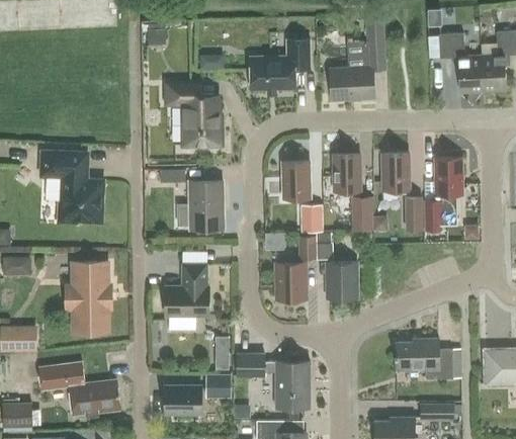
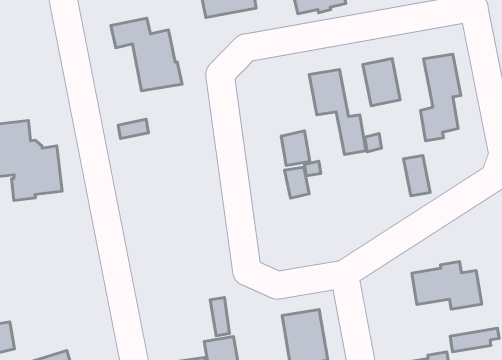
building: [283,161,311,198] -> none
building: [190,180,224,229] -> none
building: [405,197,423,231] -> [404,156,430,196]
building: [66,261,111,332] -> none
building: [277,262,305,299] -> none
building: [328,262,356,299] -> none
building: [165,263,208,315] -> none
building: [236,353,264,375] -> none

